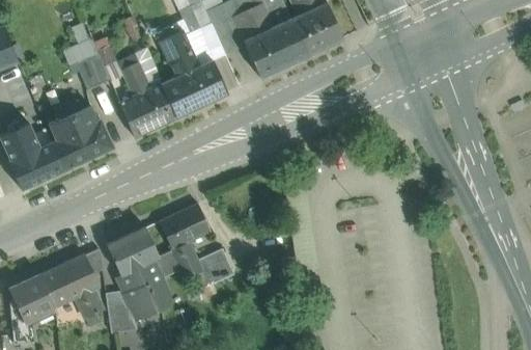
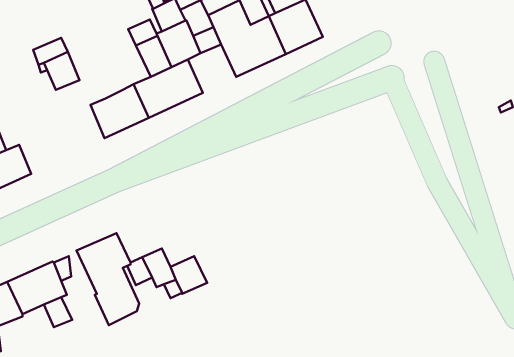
building: [121,62,151,98] -> none
building: [49,101,113,169] -> none
building: [159,205,211,249] -> none
building: [106,293,137,332] -> none

